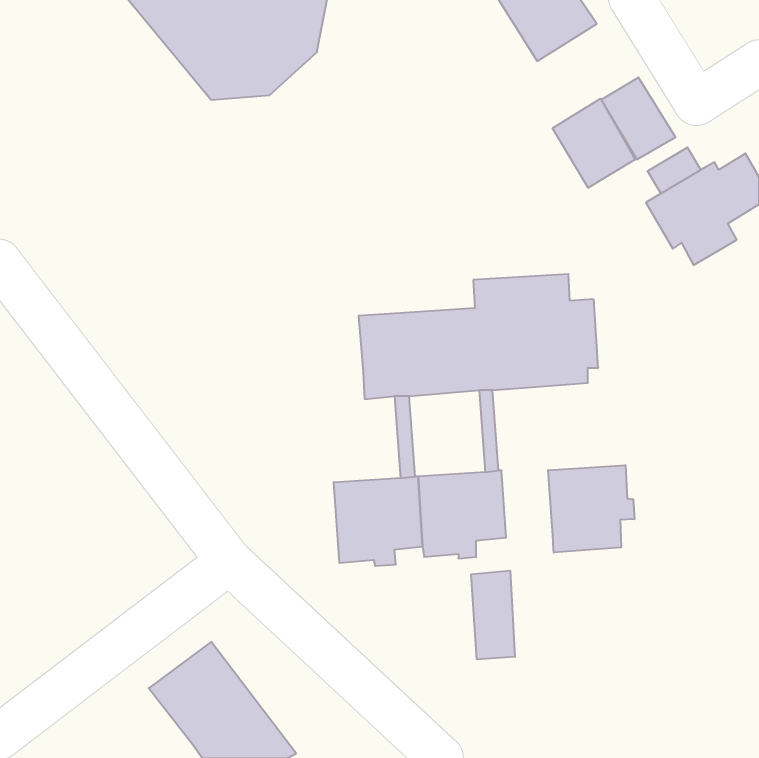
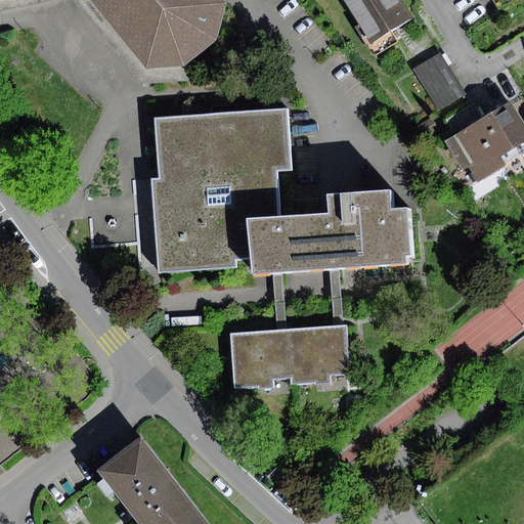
building: [553,99,635,188] -> none
building: none -> [151,108,290,272]
building: [548,465,634,553] -> none
building: [471,571,515,659] -> none

